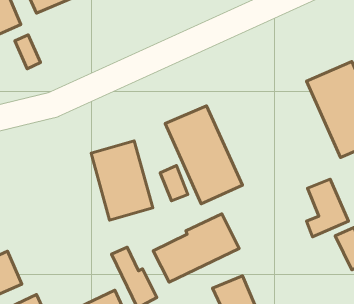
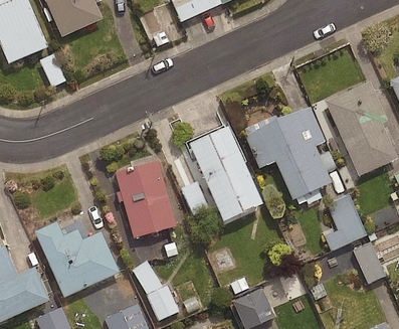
building: none -> [244,107,332,200]
building: none -> [34,222,119,297]
building: [153,214,239,282] -> none

